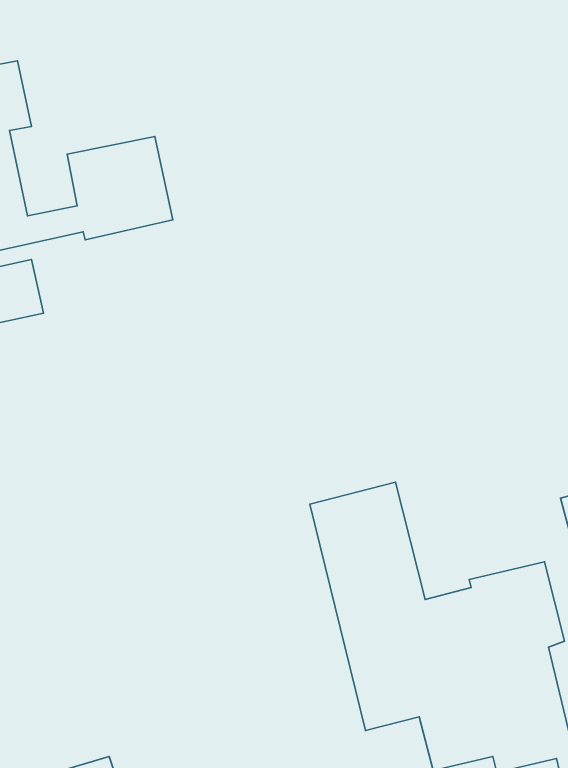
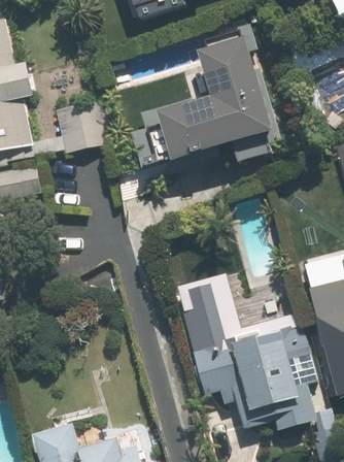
building: none -> [159,36,272,158]

